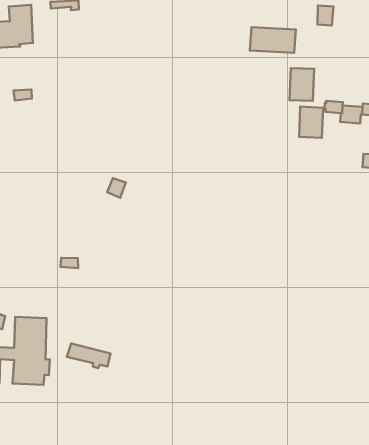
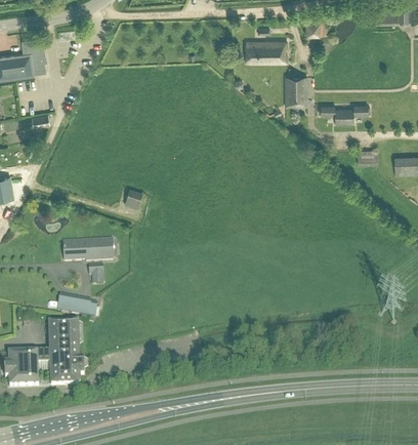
building: [299,107,323,138] -> none
building: none -> [64,241,113,262]
building: [67,344,111,368] -> [57,299,97,320]

